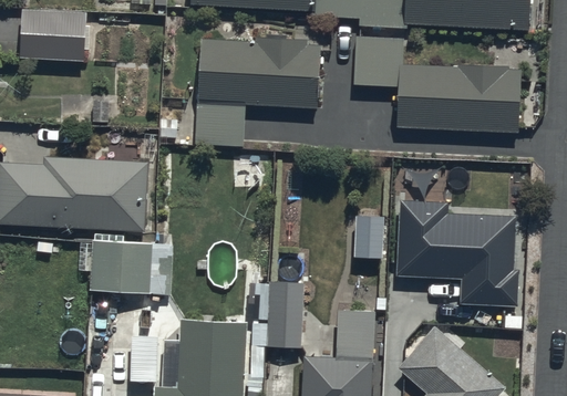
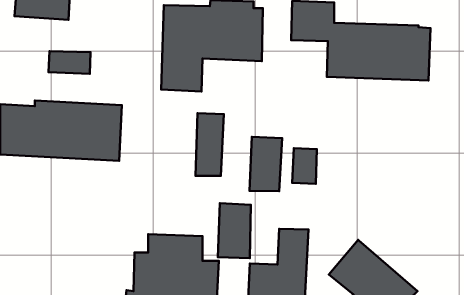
building: none -> [195,113,224,176]
building: none -> [250,137,282,191]
building: [396,201,518,305] -> none
building: [87,239,171,294] -> none

